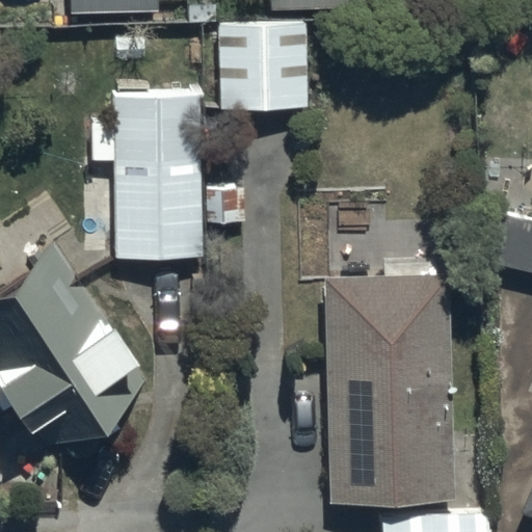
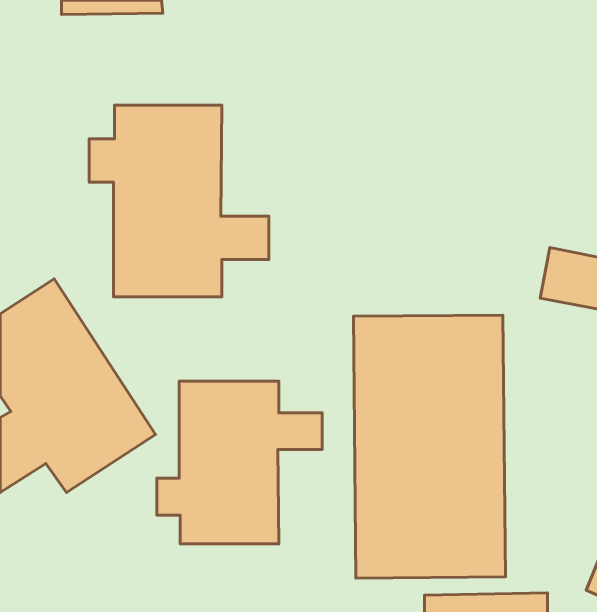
building: [219,23,313,108] -> none
building: none -> [157,381,322,544]

